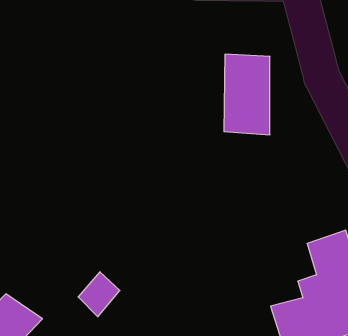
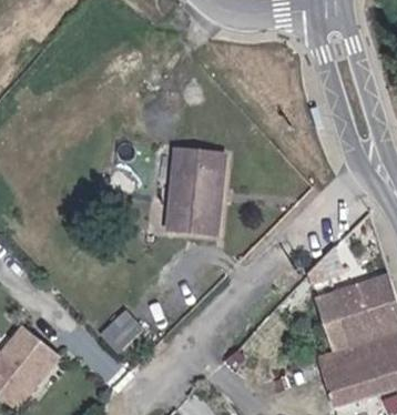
building: [224,54,270,135] -> [170,149,218,234]

